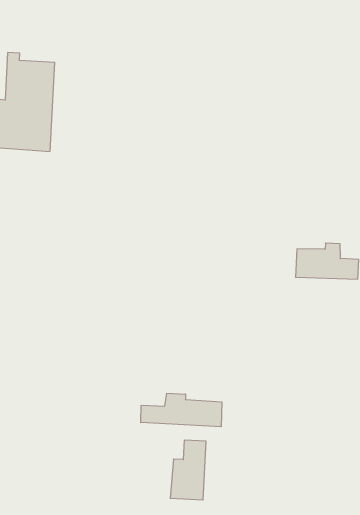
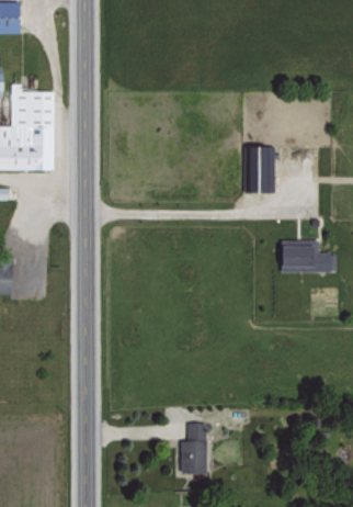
building: none -> [246,146,273,192]
building: [141,393,222,427] -> none

